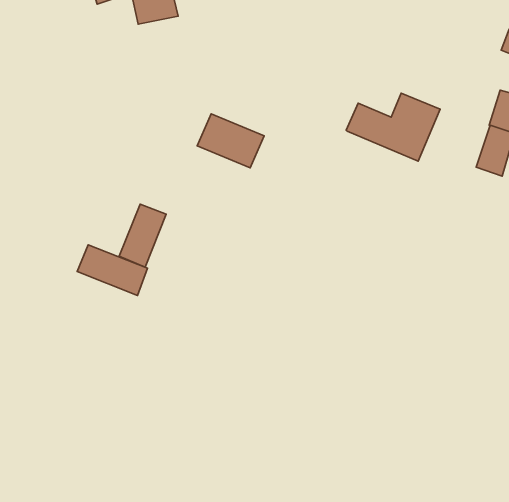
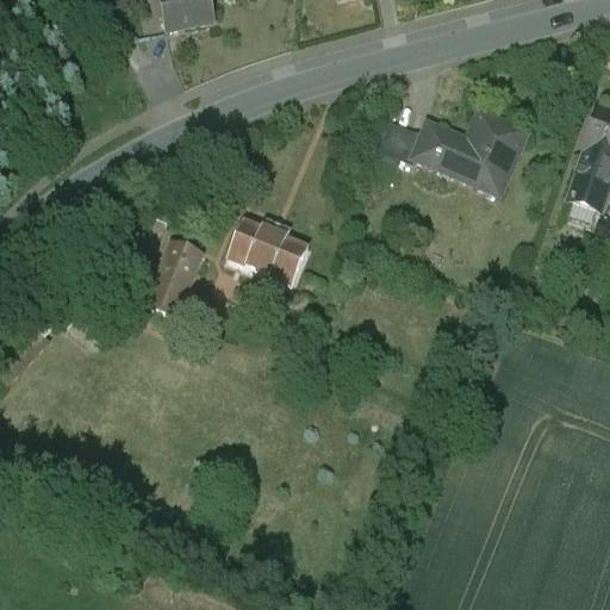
building: none -> [379,120,424,162]
building: [197,114,264,168] -> [229,219,309,284]
building: [77,245,148,295] -> none

